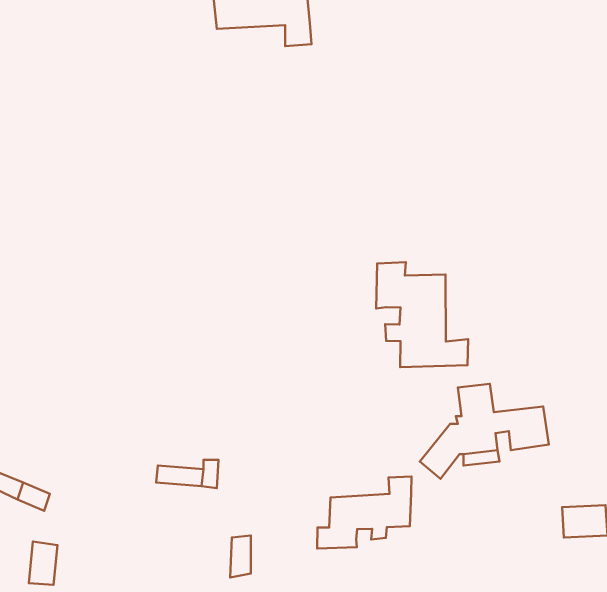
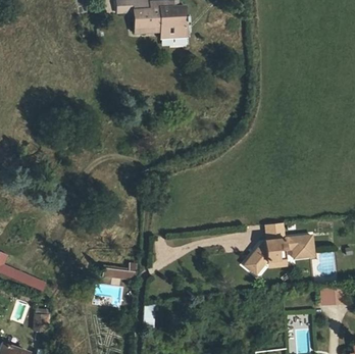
building: [376,262,468,367] -> none
building: [317,477,412,548] -> none

